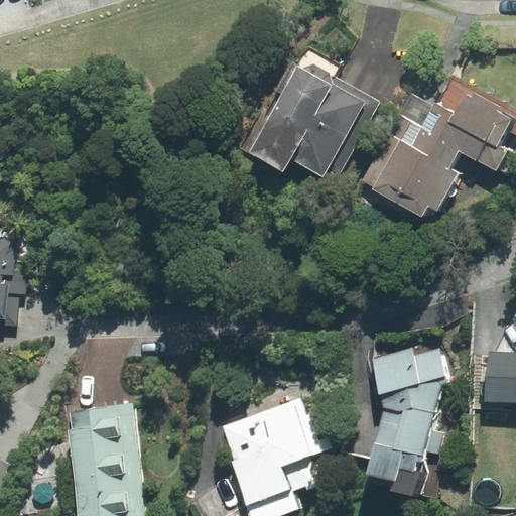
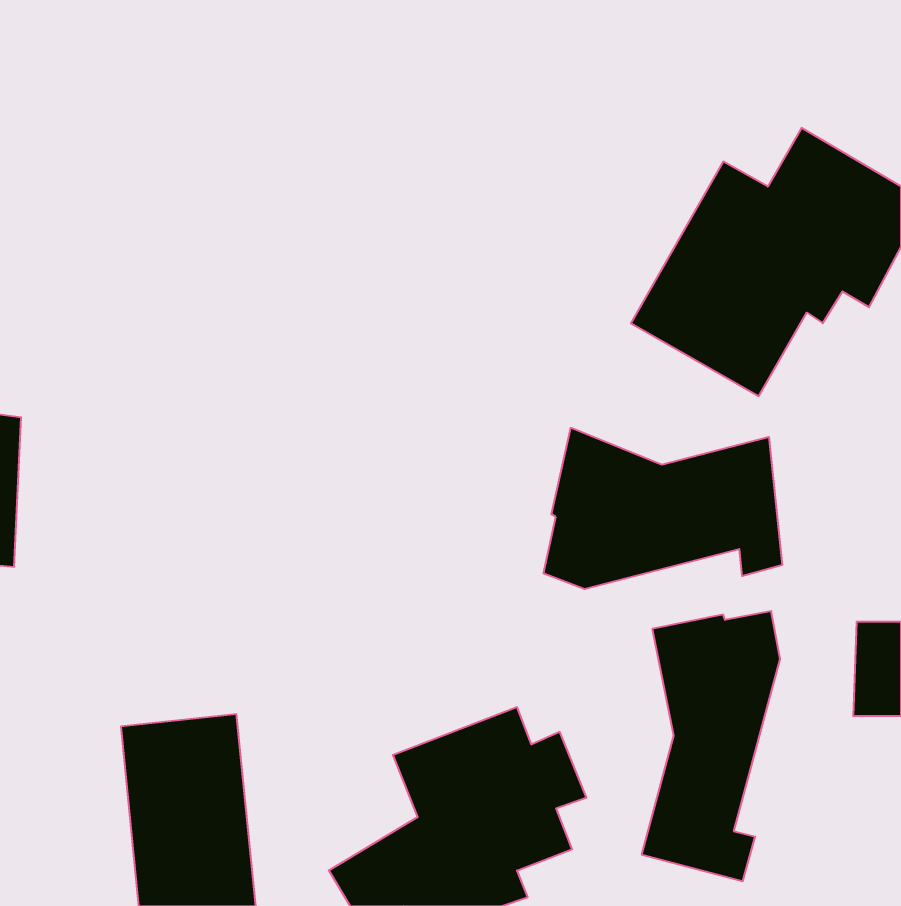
building: [253,39,372,179] -> none
building: none -> [543,428,782,589]

